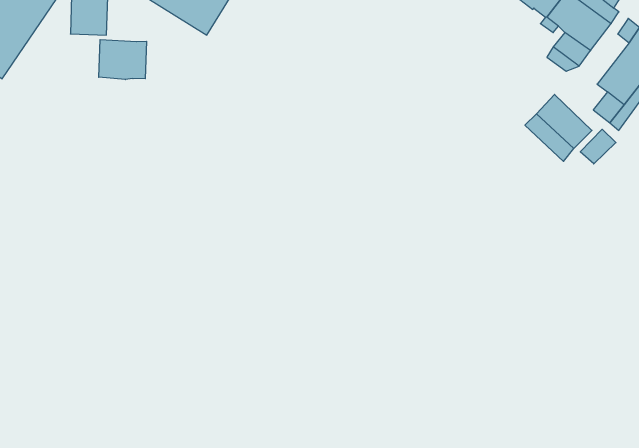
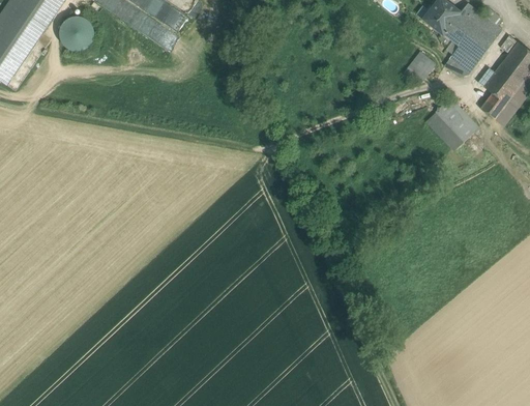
building: none -> [404,52,435,84]
building: [99,40,147,80] -> none
building: [580,129,616,164] -> none

